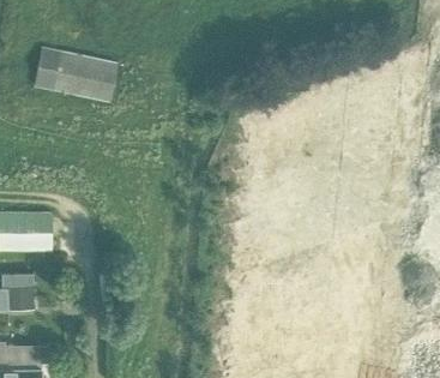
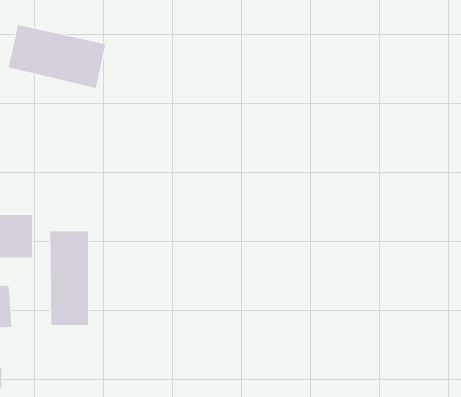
building: none -> [50,230,88,326]

